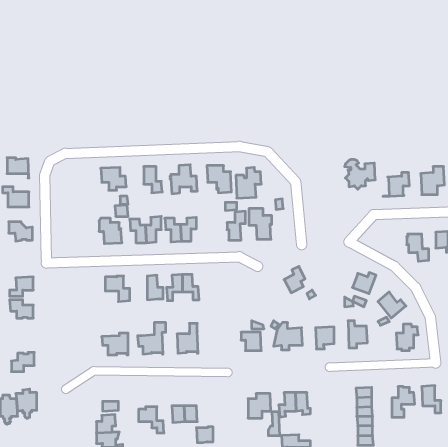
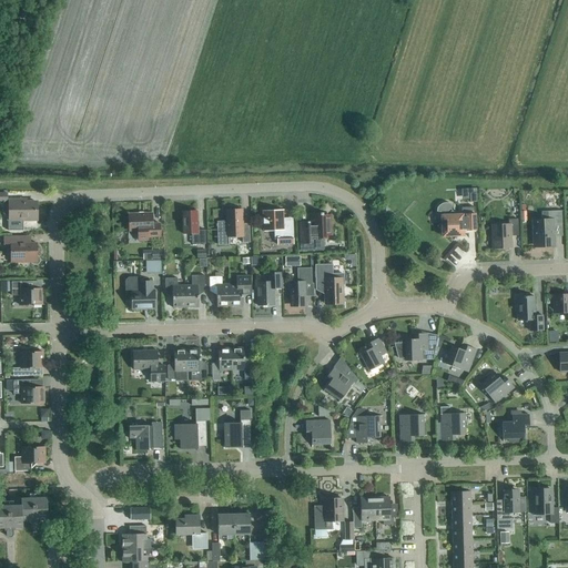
building: none -> [256,272,282,305]
building: none -> [394,331,437,361]
building: none -> [166,349,186,379]
building: none -> [324,362,364,399]

